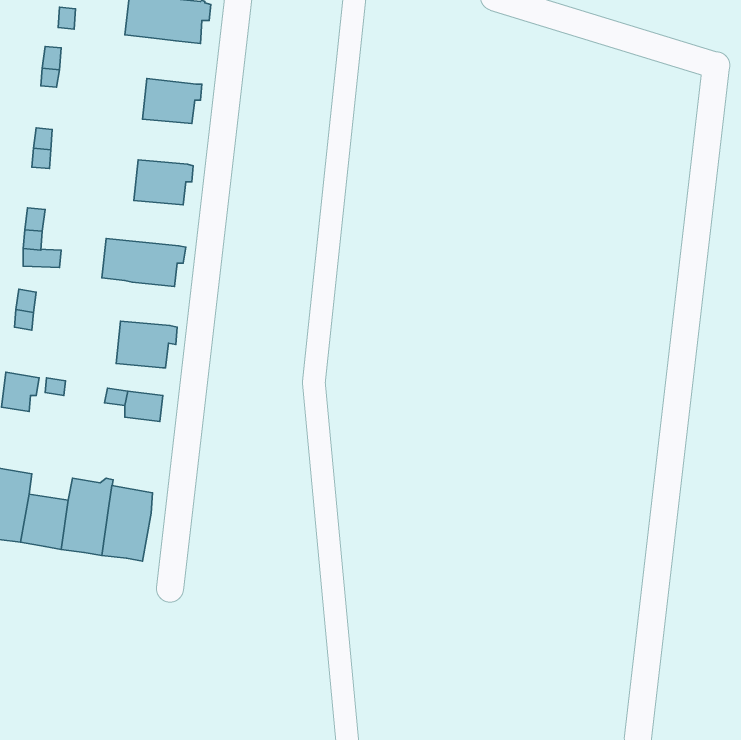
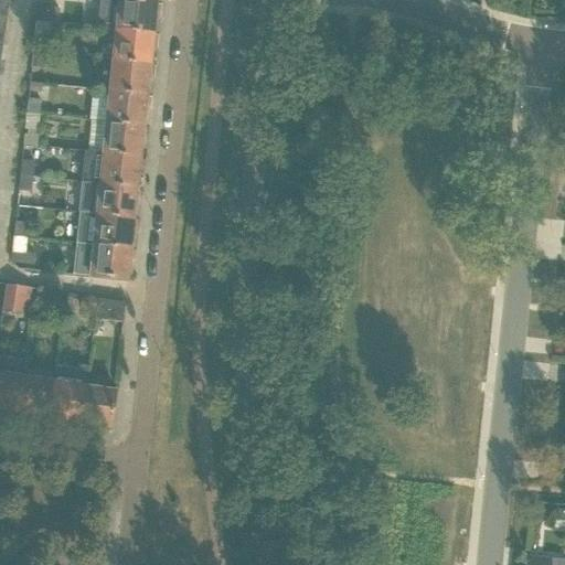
building: none -> [111,29,157,64]
building: none -> [105,90,150,125]
building: none -> [81,150,145,186]
building: none -> [74,211,138,247]

